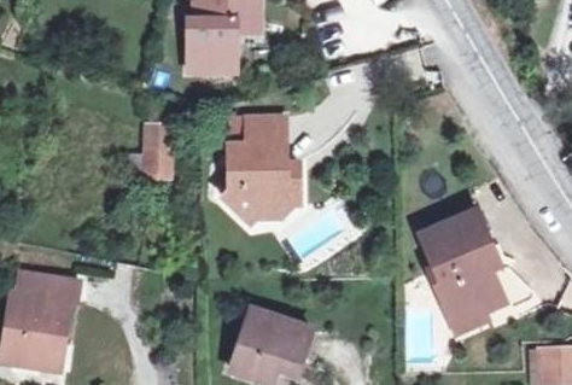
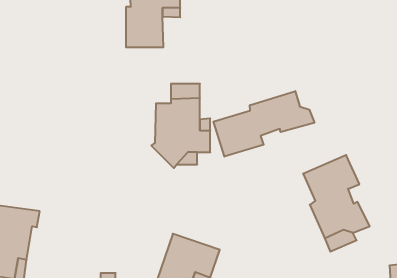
building: [145,126,171,174] -> none
building: none -> [213,91,314,157]

